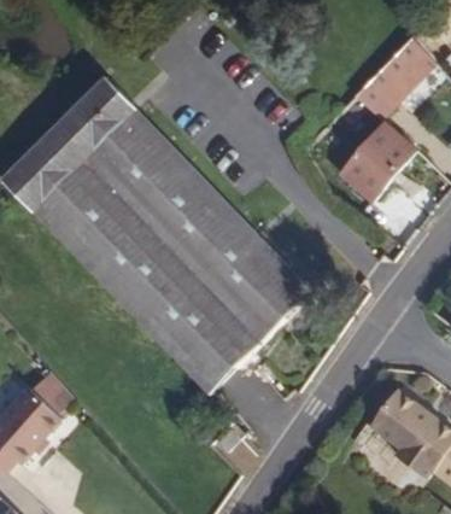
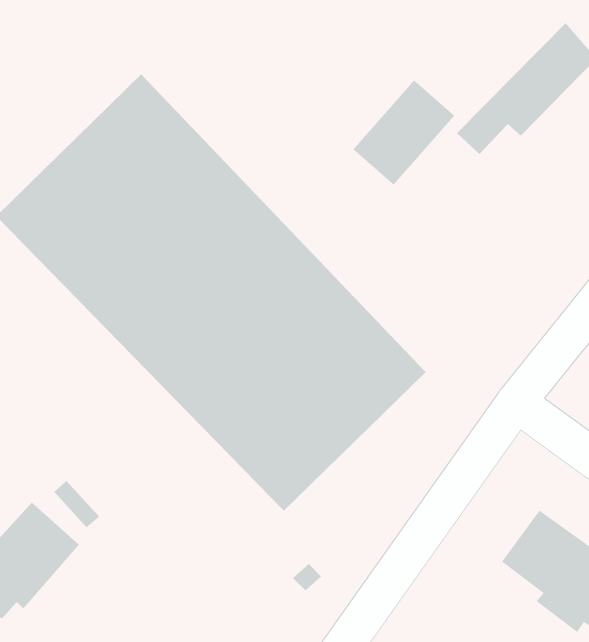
building: [342,123,417,200] -> [352,79,455,186]

